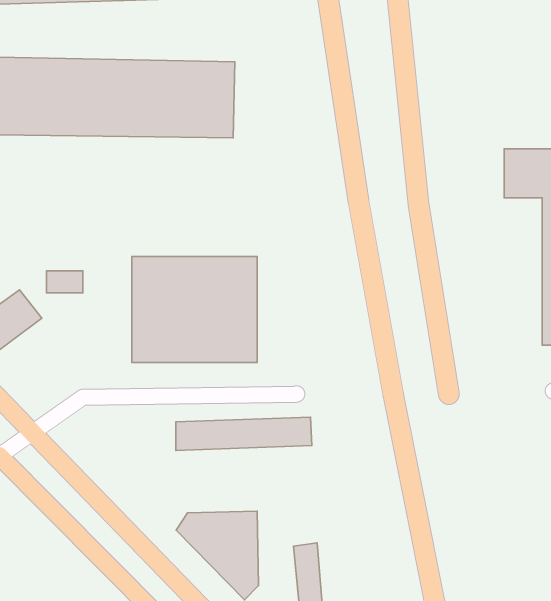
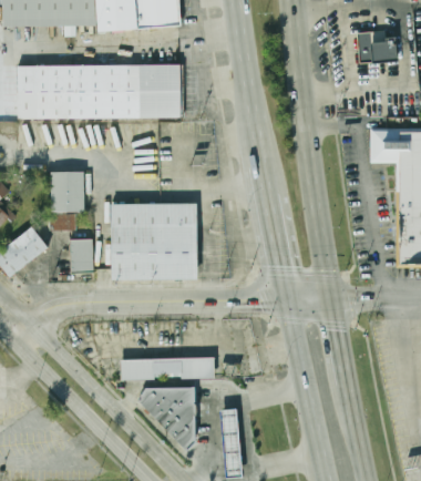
building: none -> [356,30,392,63]
building: none -> [50,171,85,212]
building: none -> [69,238,93,273]
building: [176,417,312,450] -> [124,355,219,378]

